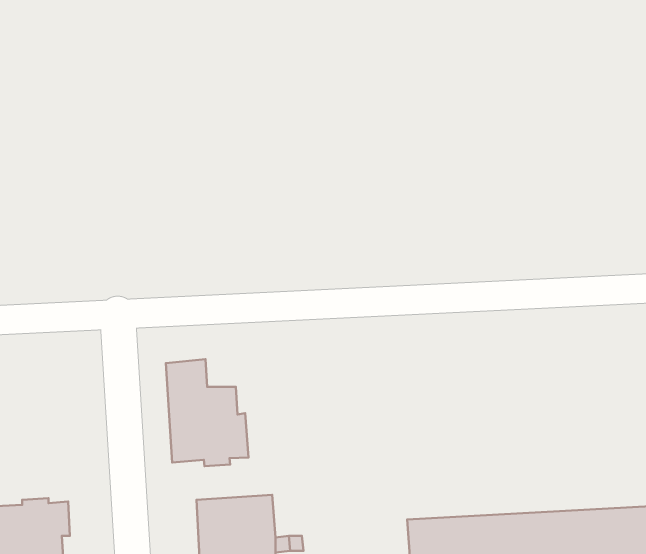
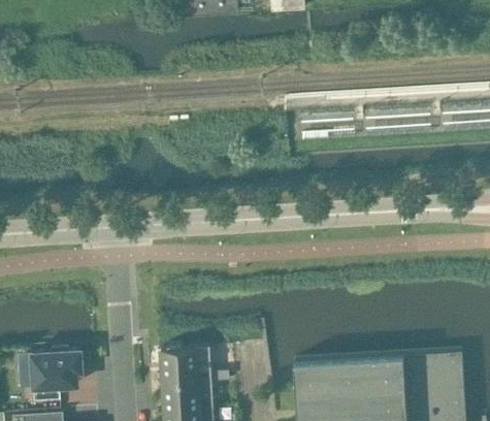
building: [166,359,249,466] -> none

